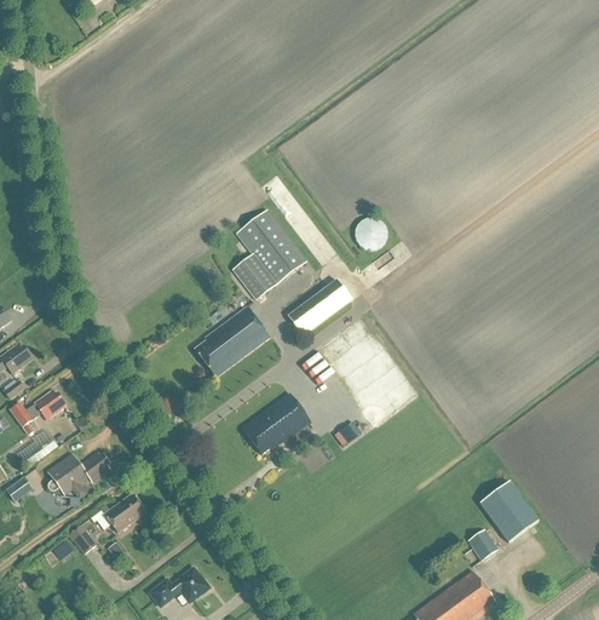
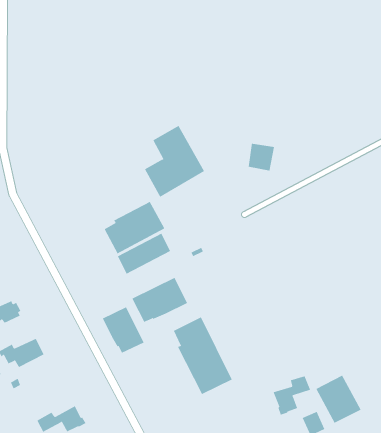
building: [288,280,352,337] -> [117,233,171,275]
building: none -> [173,316,233,395]
building: none -> [102,306,144,353]
building: none -> [273,375,311,416]

